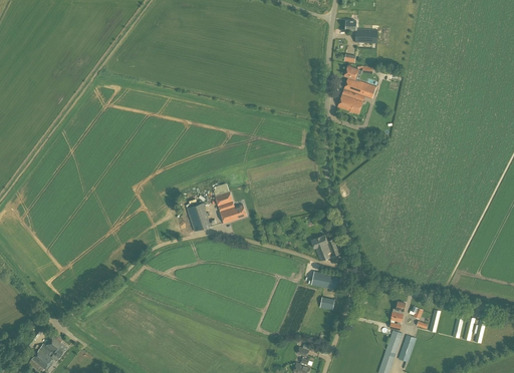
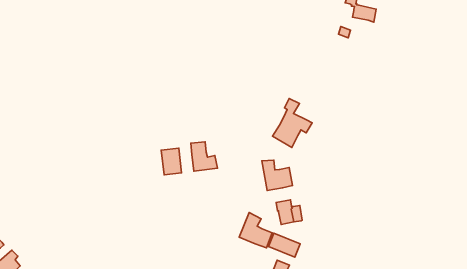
building: [336,66,373,114] -> [273,99,312,147]
building: none -> [262,160,293,191]
building: none -> [239,212,272,248]

